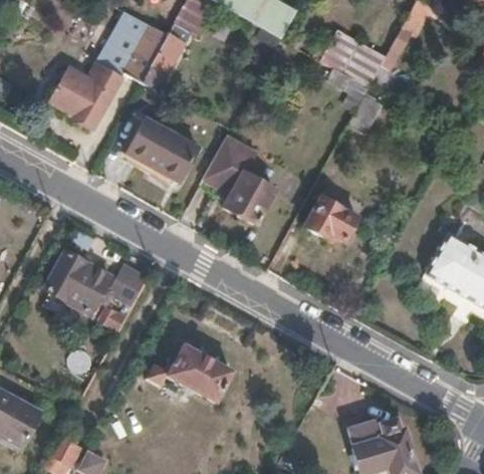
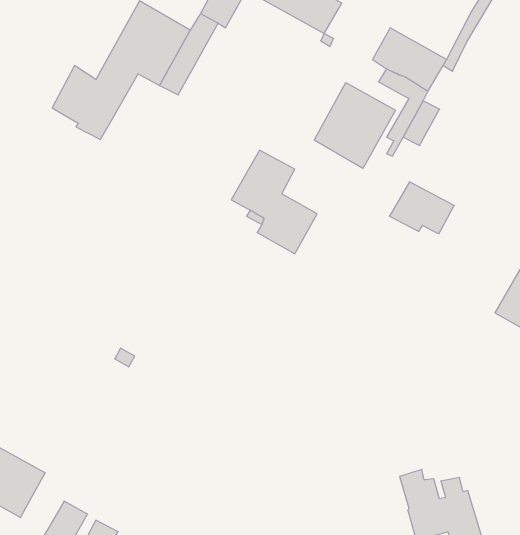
building: none -> [314,83,395,168]
building: [125,118,198,183] -> none
building: [305,200,360,244] -> [389,182,454,234]
building: [47,254,148,314] -> none
building: [148,344,229,399] -> none

